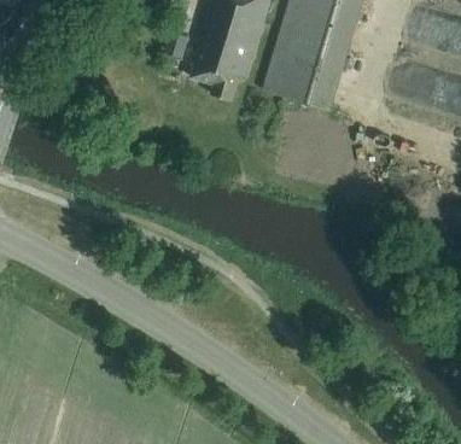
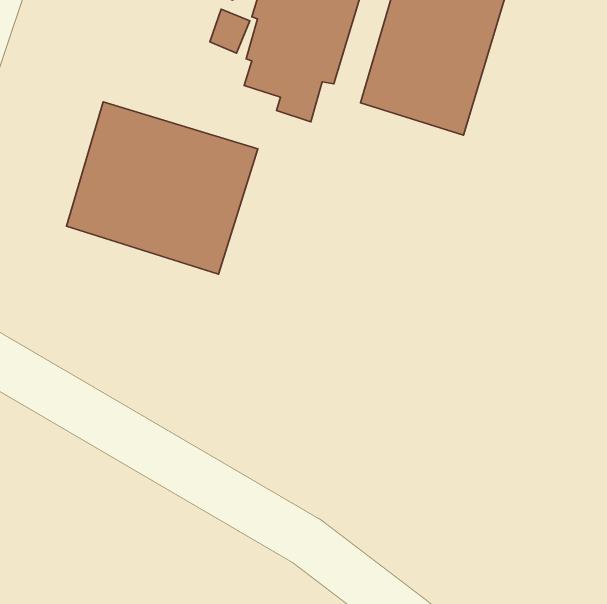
building: none -> [66,102,258,274]

